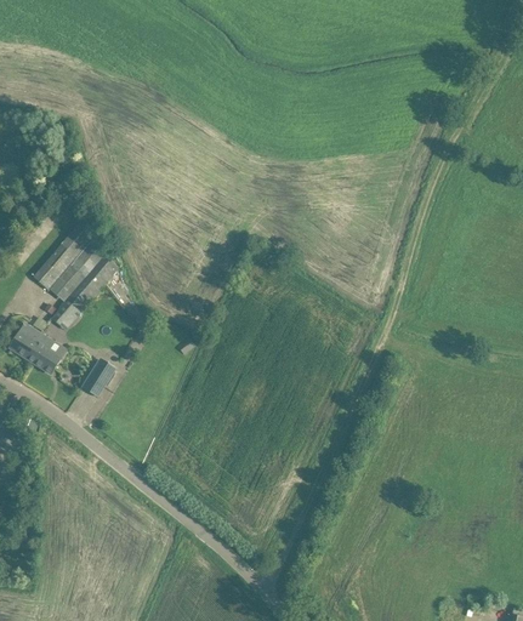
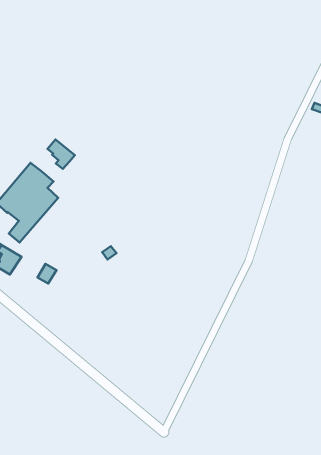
building: none -> [47,139,75,169]

